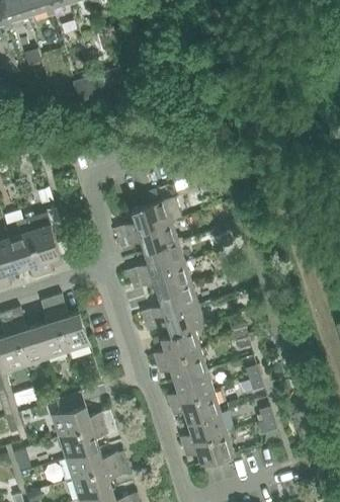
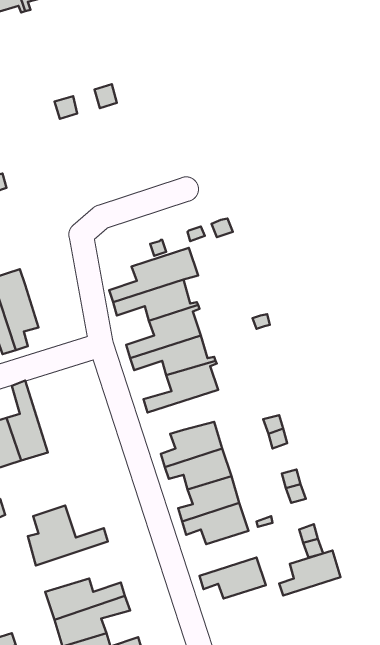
building: [51,295,89,352] -> none
building: [144,305,208,335] -> none
building: [180,412,227,446] -> [279,550,340,596]
building: [59,420,116,458] -> none

